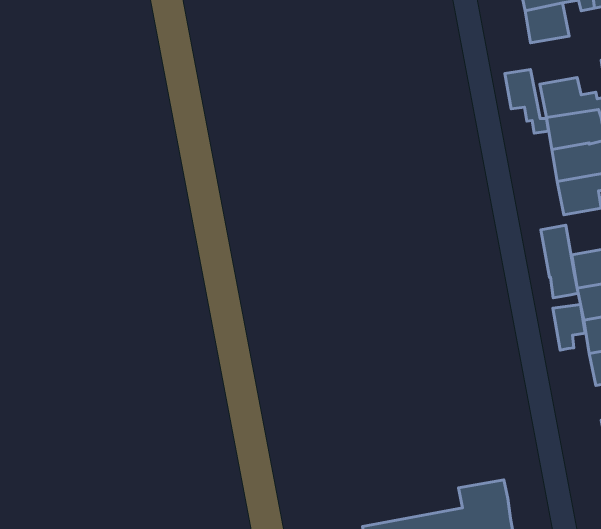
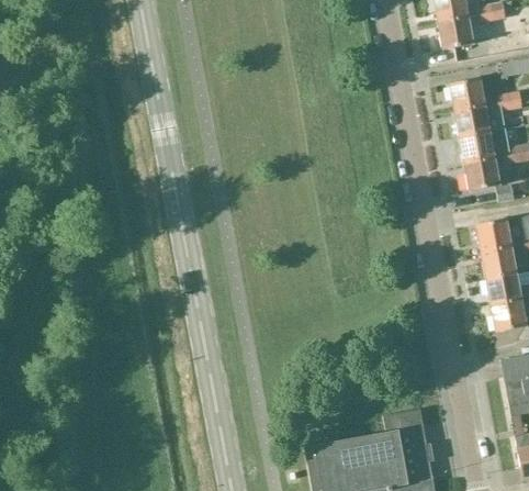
building: [505,69,549,133] -> none
building: [541,225,578,298] -> none
building: [553,304,585,350] -> none

